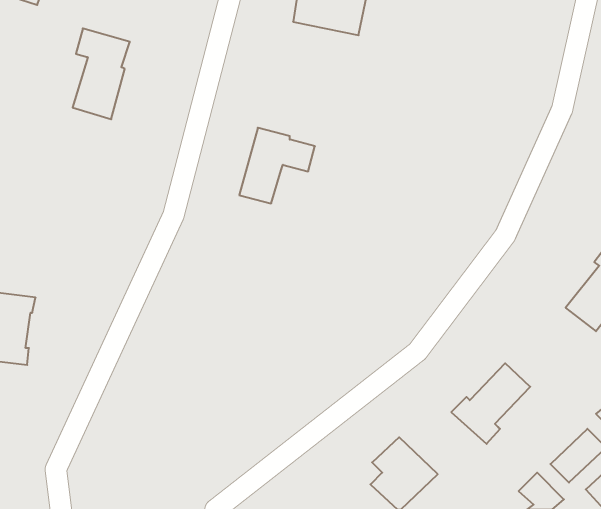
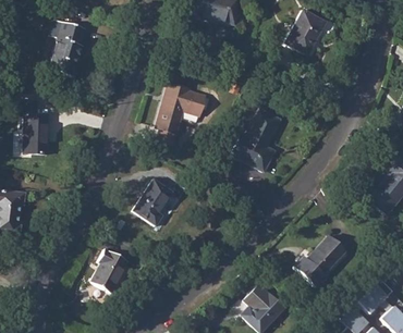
building: none -> [285,10,325,55]
building: none -> [21,101,50,155]
building: none -> [231,110,280,171]
building: none -> [134,181,172,225]
building: none -> [91,249,127,293]

